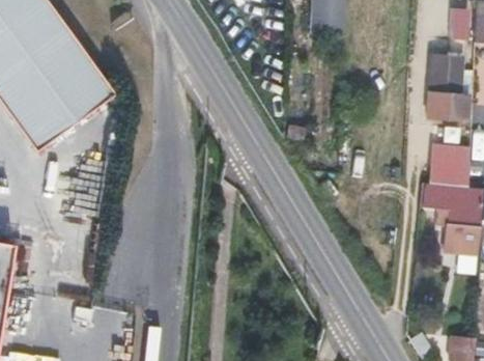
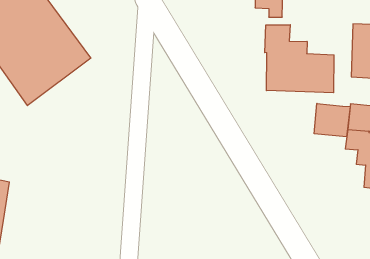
building: none -> [265,25,334,93]
building: none -> [314,103,350,137]

